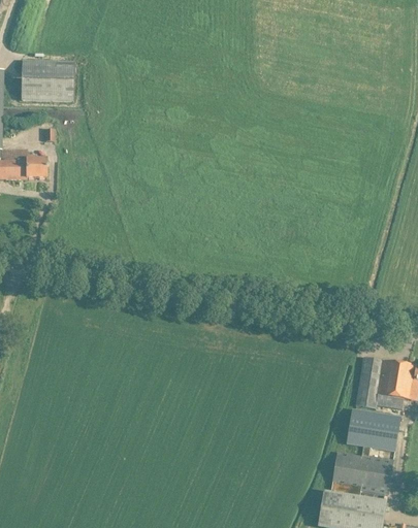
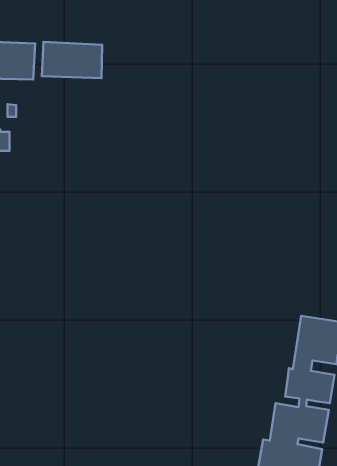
building: none -> [42,42,102,78]

